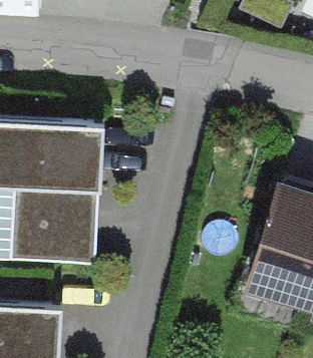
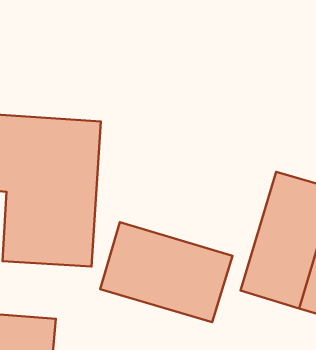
building: none -> [100,222,233,322]

